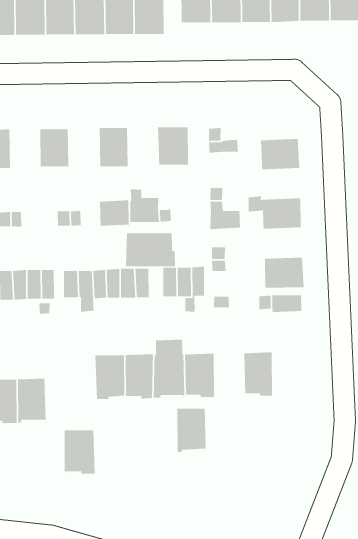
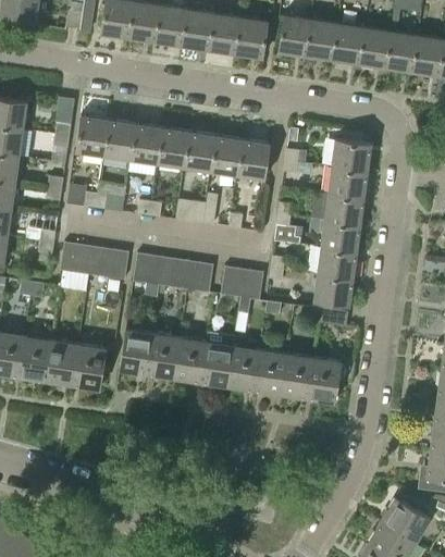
building: none -> [332,139,371,171]
building: none -> [210,135,242,174]
building: none -> [157,127,189,166]
building: none -> [104,119,136,158]
building: none -> [324,194,363,224]
building: none -> [318,247,356,277]
building: [125,232,176,267] -> none
building: none -> [305,358,338,403]
building: [176,408,206,453] -> [252,350,285,394]
building: [64,430,96,475] -> [118,330,151,374]

